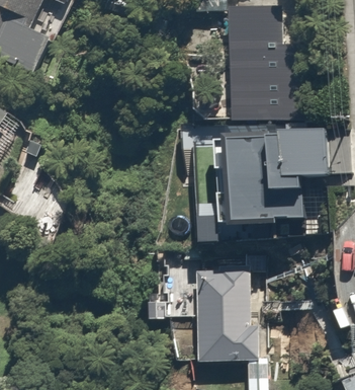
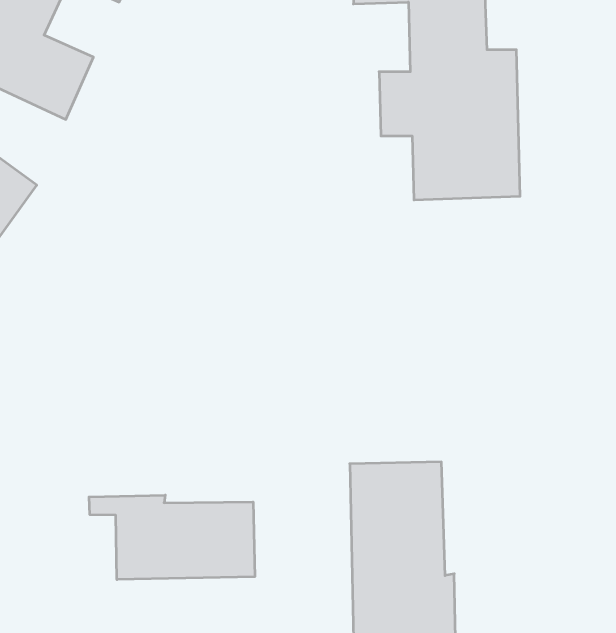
building: [215,131,331,224] -> none
building: none -> [89,495,255,580]

